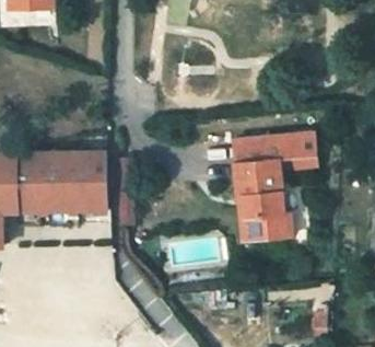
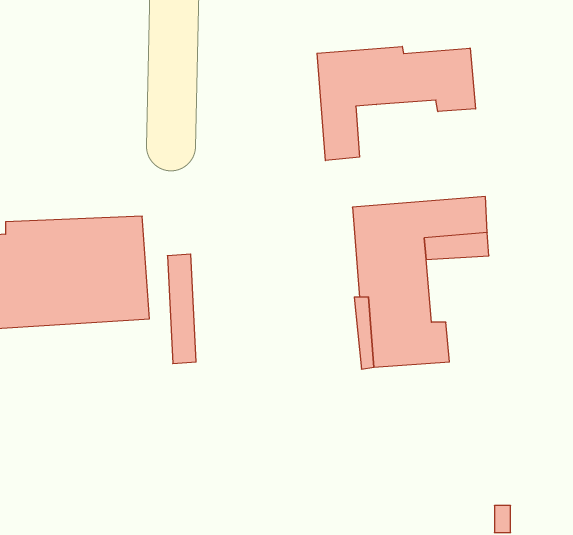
building: none -> [317,46,476,161]

